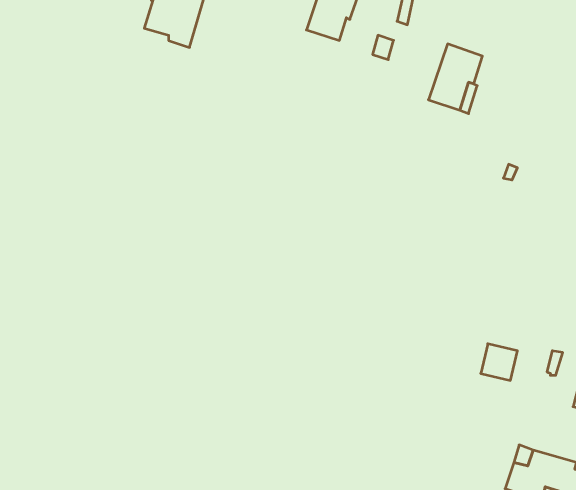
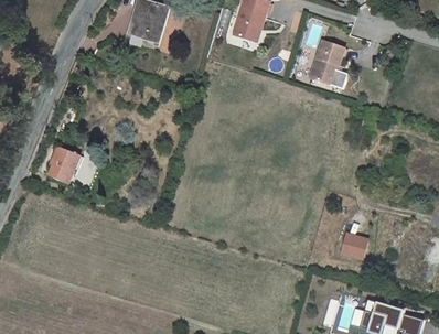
building: none -> [47,146,78,183]

